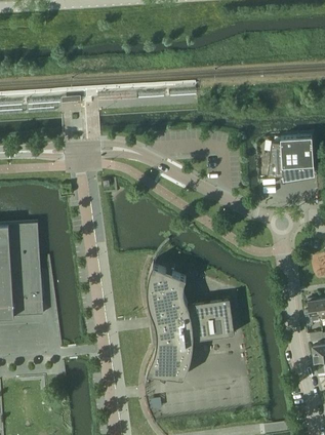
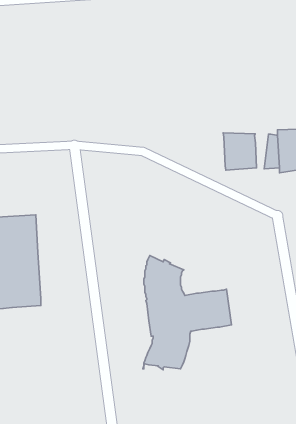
building: none -> [223,133,256,170]

